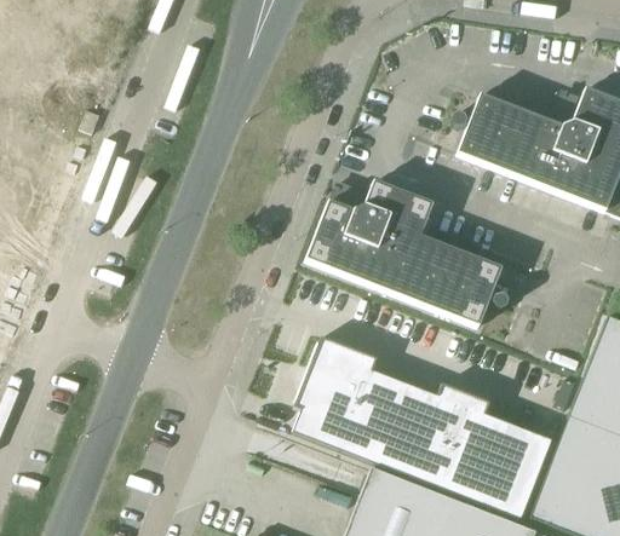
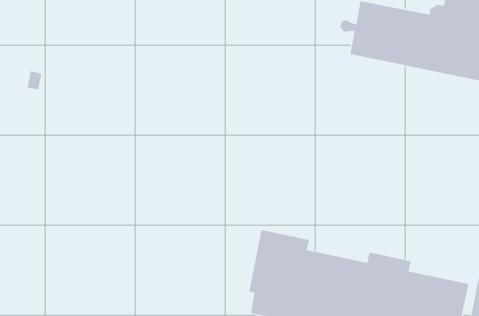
building: [308,180,510,327] -> none

